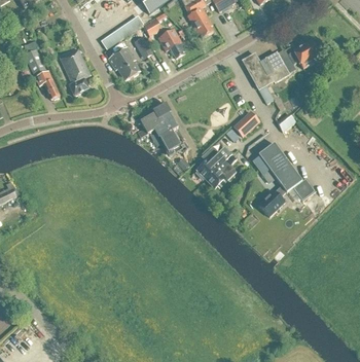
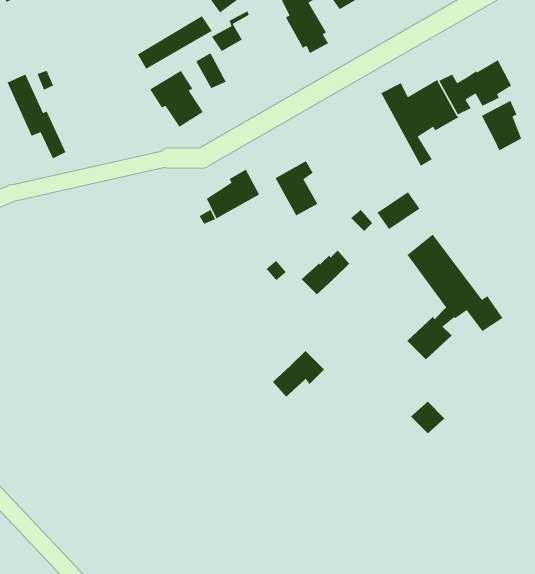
building: [157,29,183,58] -> none
building: [59,48,89,96] -> none
building: none -> [481,100,522,151]
building: [153,119,179,152] -> [275,160,319,217]
building: [205,159,236,187] -> [272,350,325,398]

